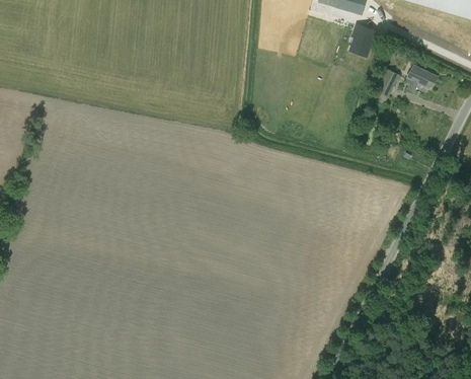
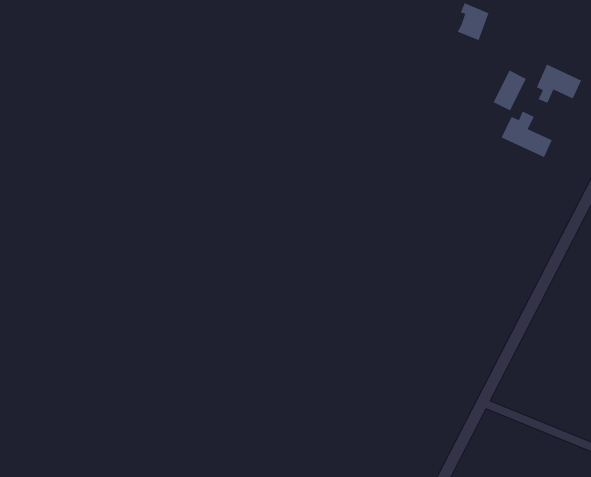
building: none -> [500,111,553,158]

